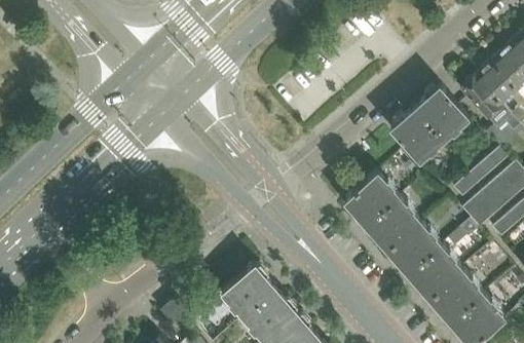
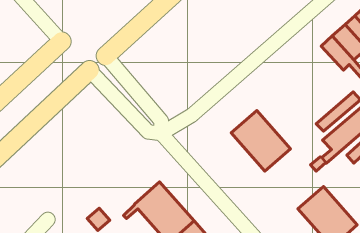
building: [388,86,469,162] -> none
building: [386,222,461,299] -> none

